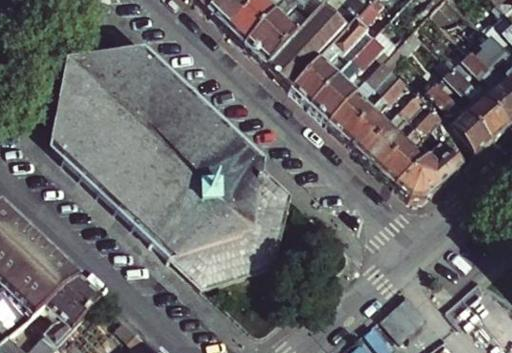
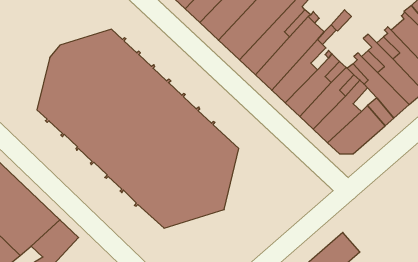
building: [47,43,141,146] -> none

